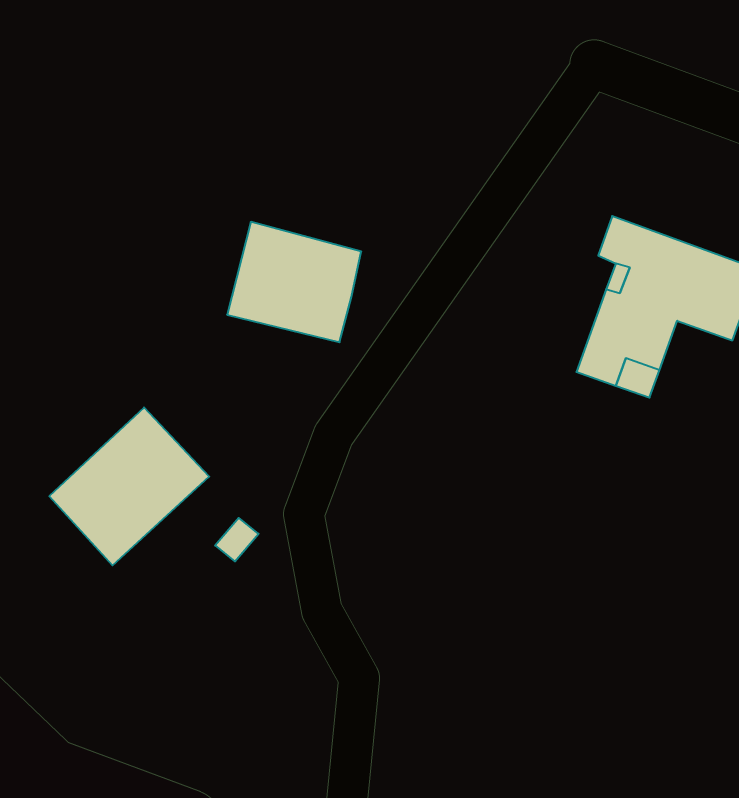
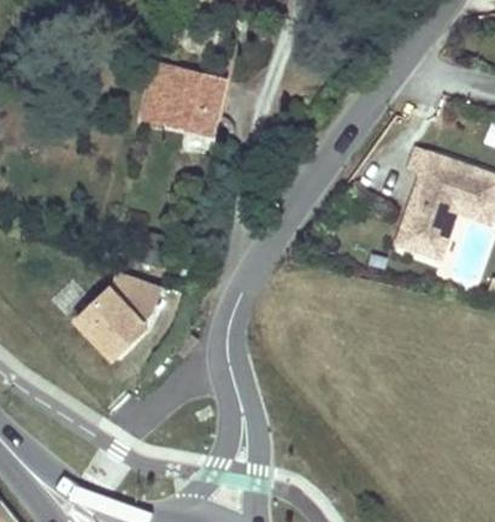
building: [227,222,361,342] -> [145,63,226,136]

